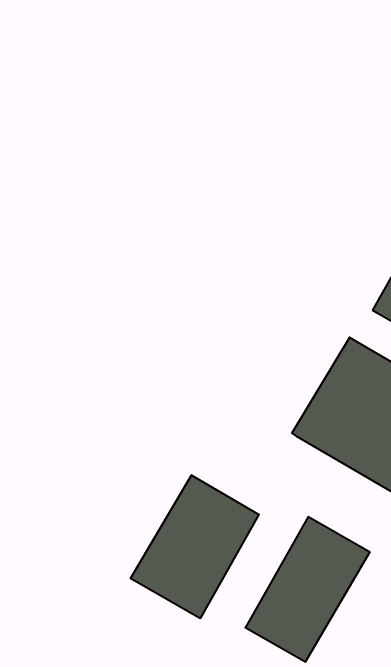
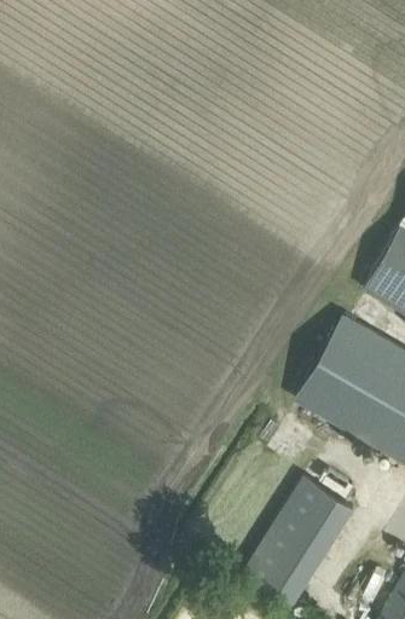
building: [131,475,259,618] -> none

